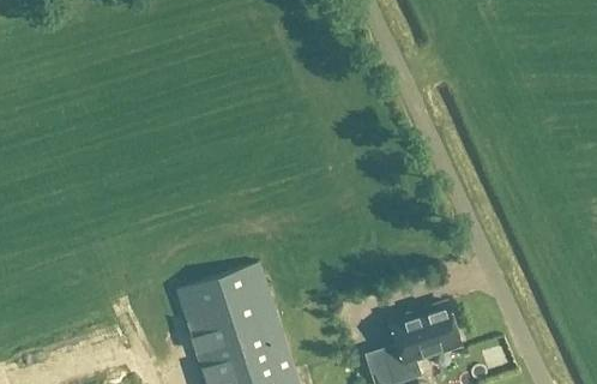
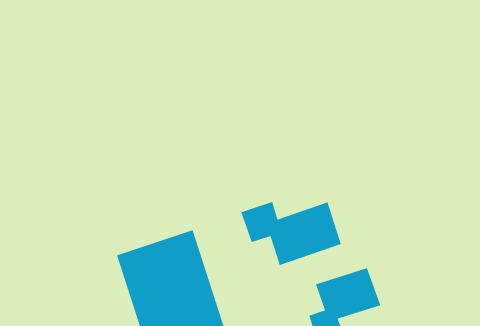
building: none -> [241,201,341,266]

